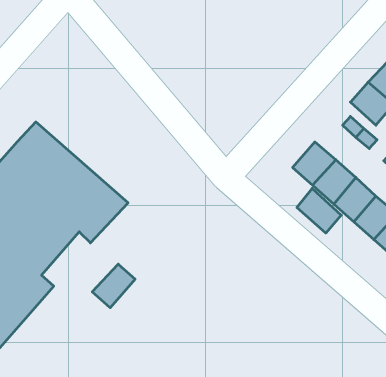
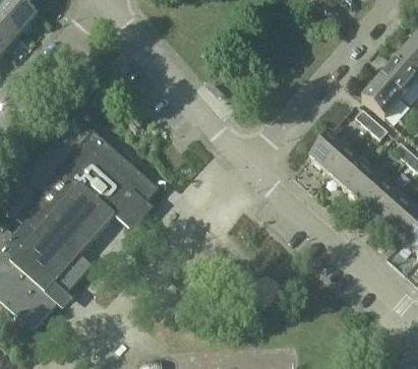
building: [297,188,341,233] -> none
building: [92,264,135,308] -> none

